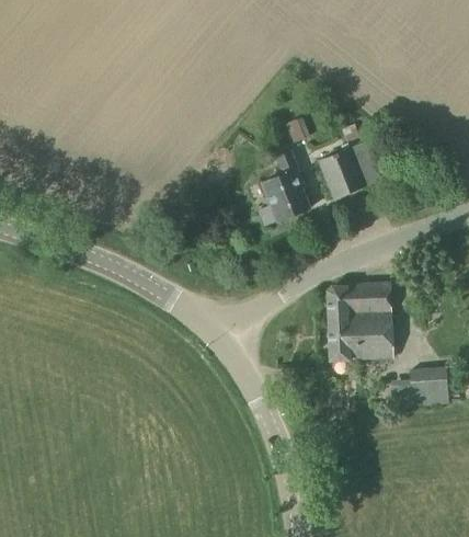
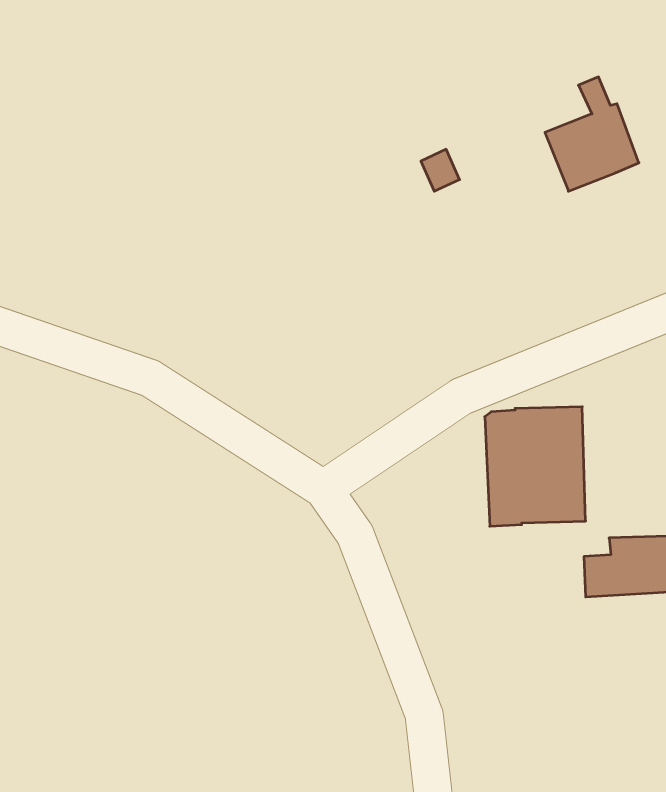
building: [319,124,380,198] -> [545,77,639,191]
building: [259,151,309,226] -> none

